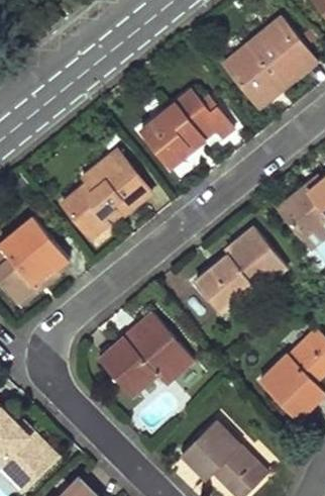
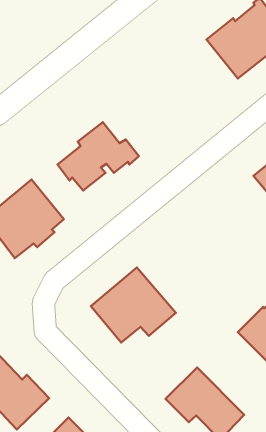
building: [142,88,237,166] -> none
building: [193,229,283,313] -> none

